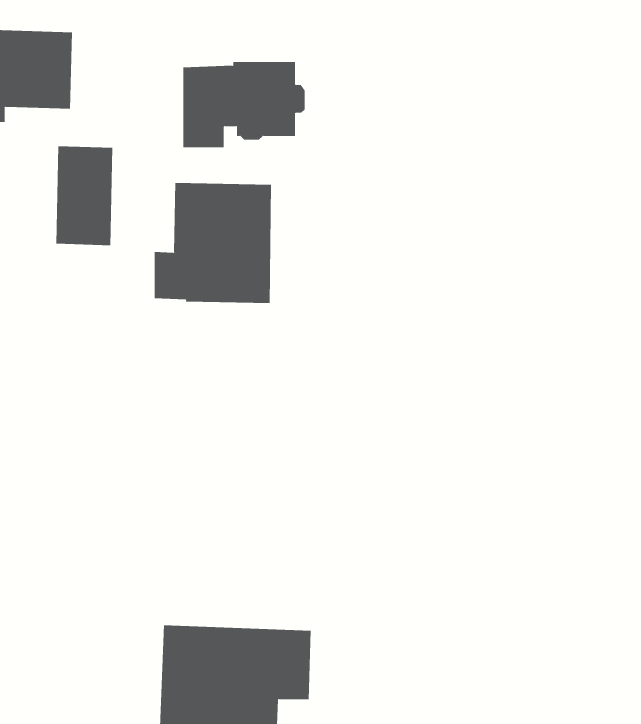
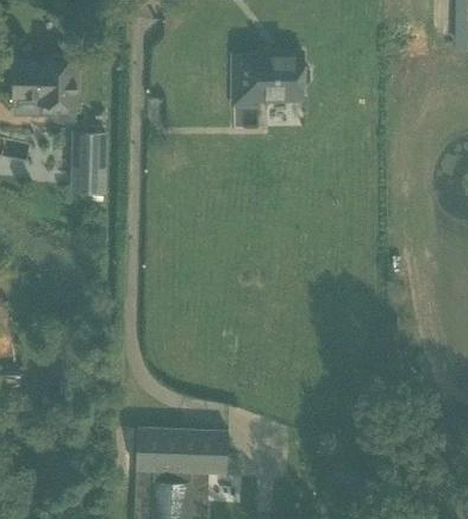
building: [182,61,305,148] -> [232,55,308,108]
building: [154,182,272,304] -> none

